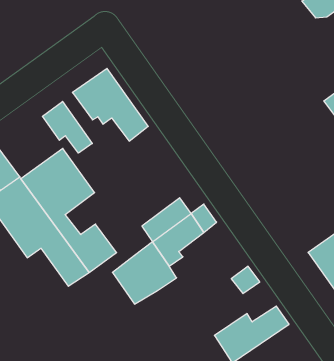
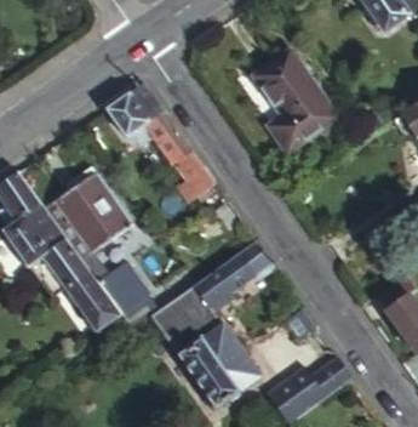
building: none -> [257,56,336,154]
building: [42,101,92,153] -> none
building: none -> [171,150,218,204]
building: none -> [177,325,259,410]

